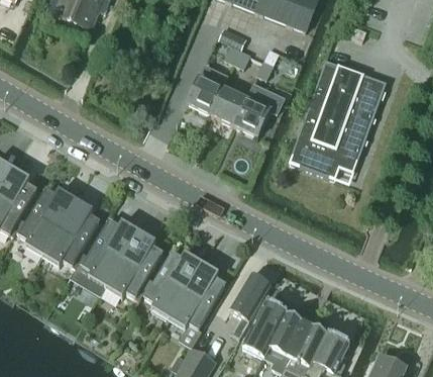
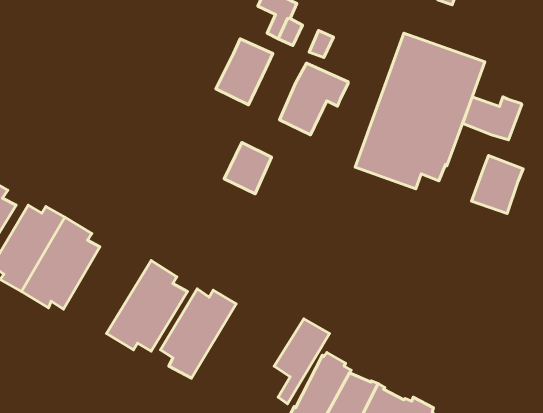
building: [210,87,245,125] -> [224,142,271,194]
building: none -> [463,97,522,140]
building: none -> [472,155,523,213]
building: [82,220,137,285] -> none
building: [168,263,227,331] -> none

